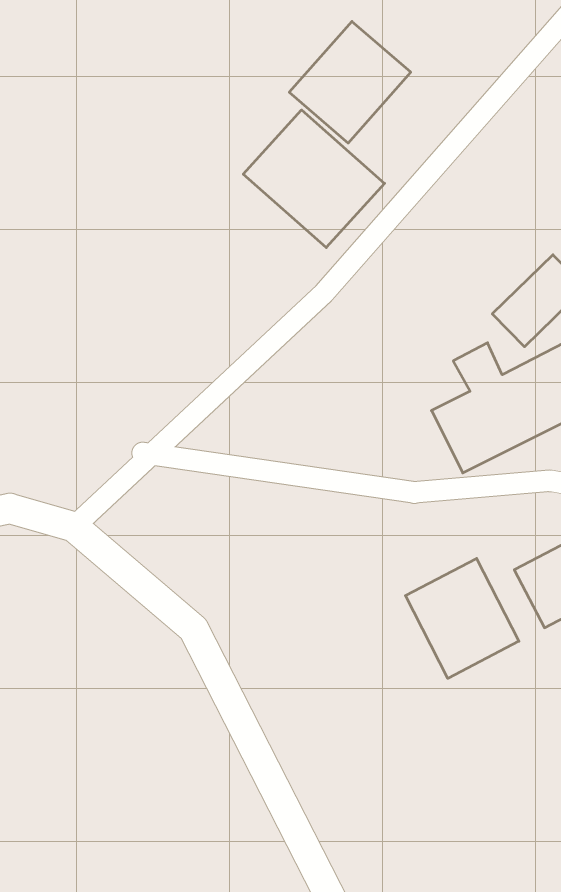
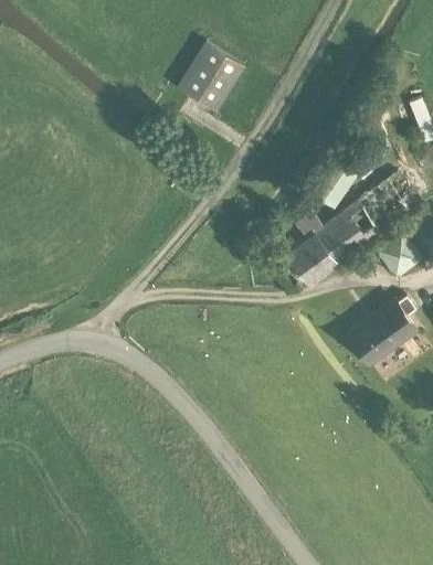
building: [243,110,385,248] -> none
building: [405,558,519,678] -> none

